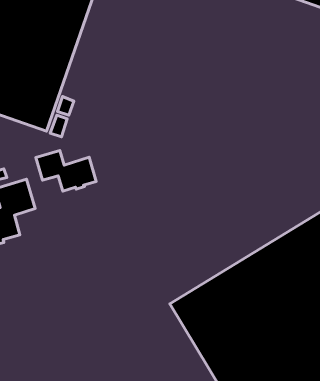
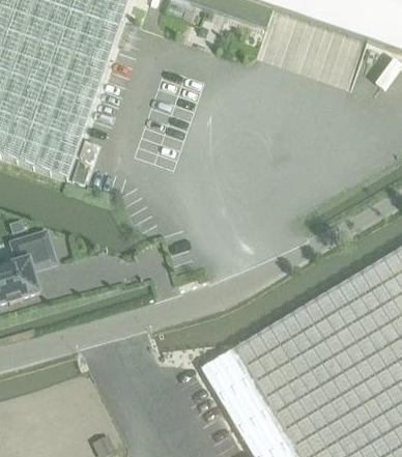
building: [36,151,96,191] -> none

